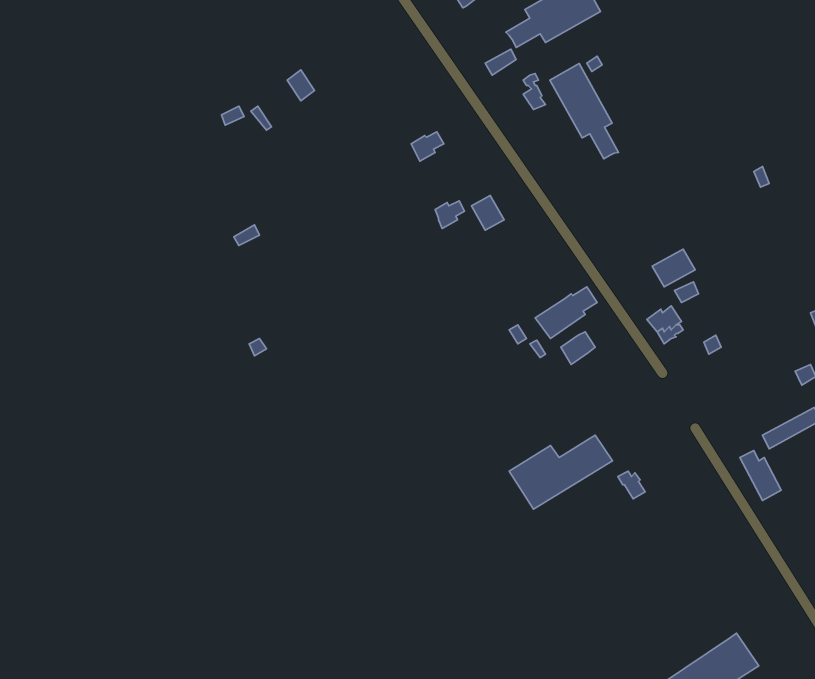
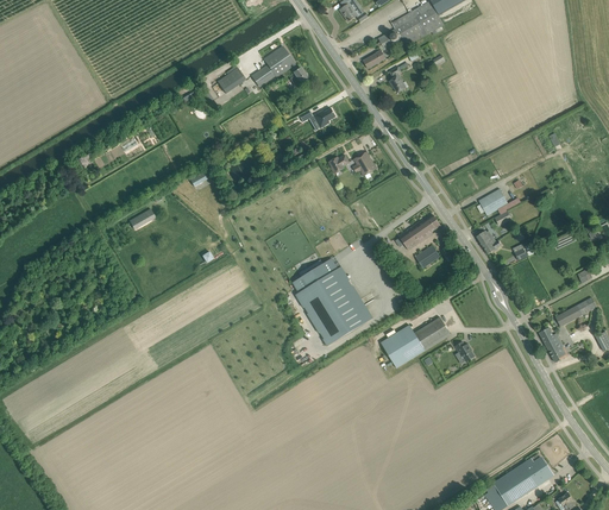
building: none -> [251,45,307,86]
building: [550,63,618,159] -> none
building: none -> [296,260,364,345]

